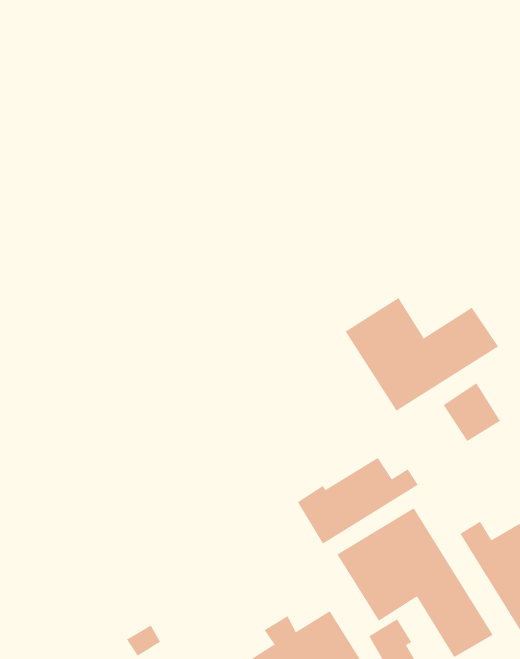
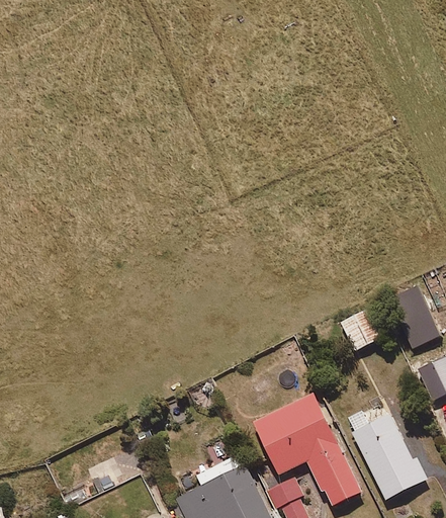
building: [345,297,499,412] -> none
building: [297,457,418,545] -> none

